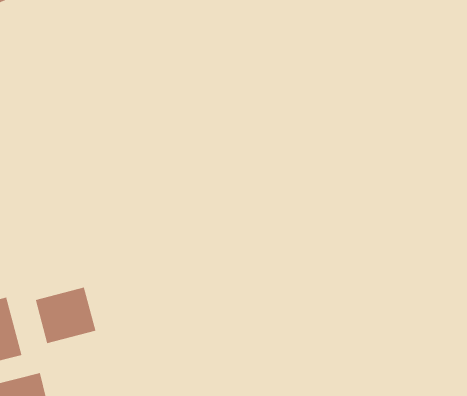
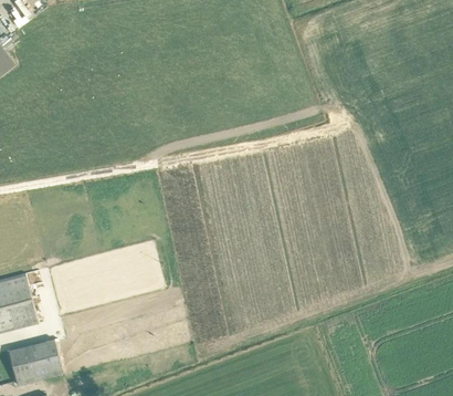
building: [35,286,96,344] -> none

